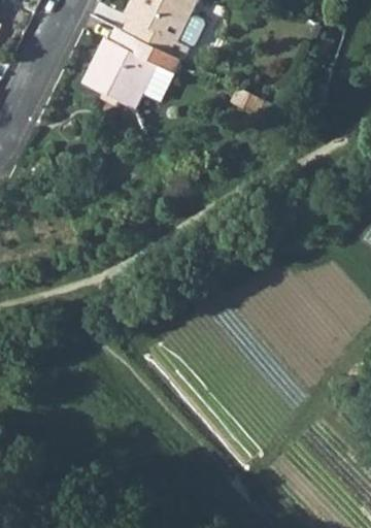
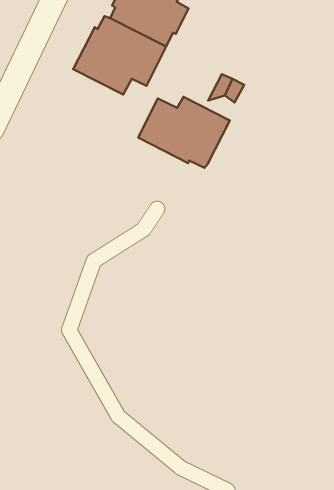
building: none -> [138,97,230,168]

